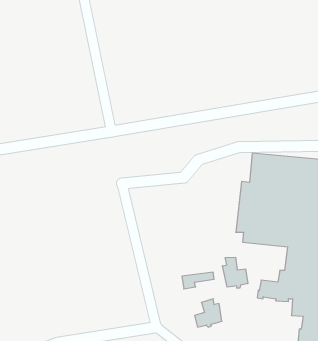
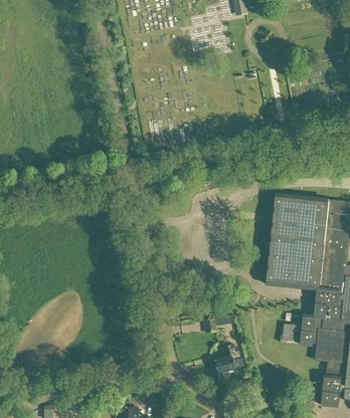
building: [223,257,248,288] -> none

